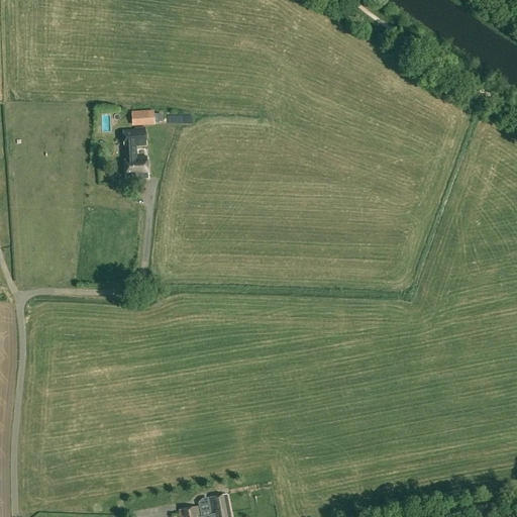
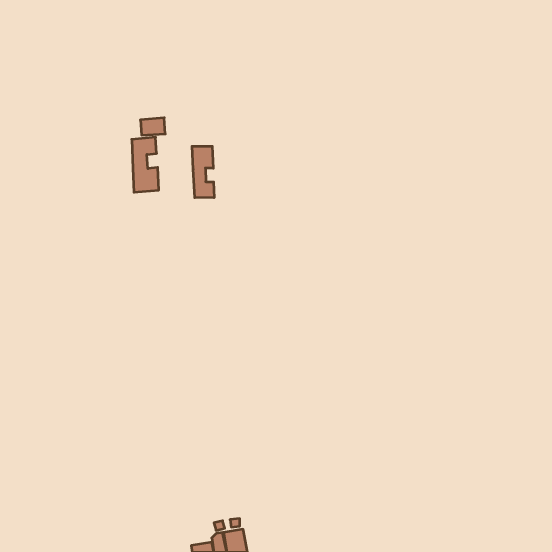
building: none -> [192,146,214,198]

